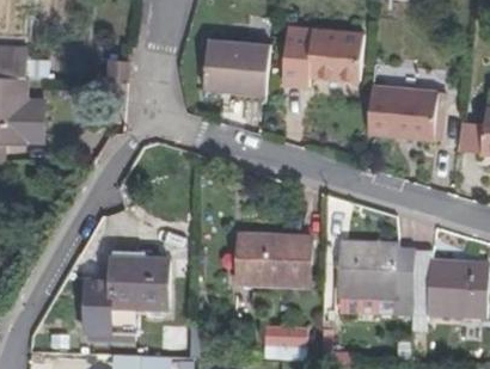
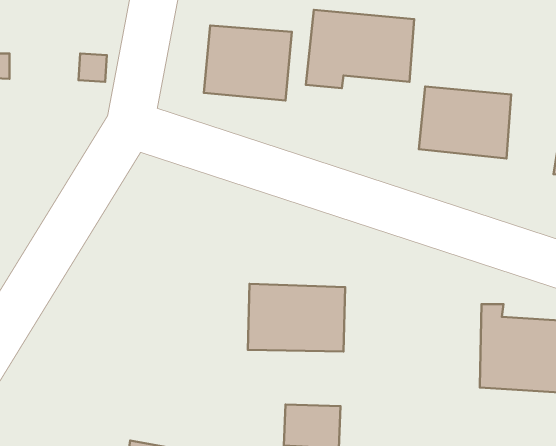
building: [337,241,414,312] -> none
building: [84,258,169,332] -> none

